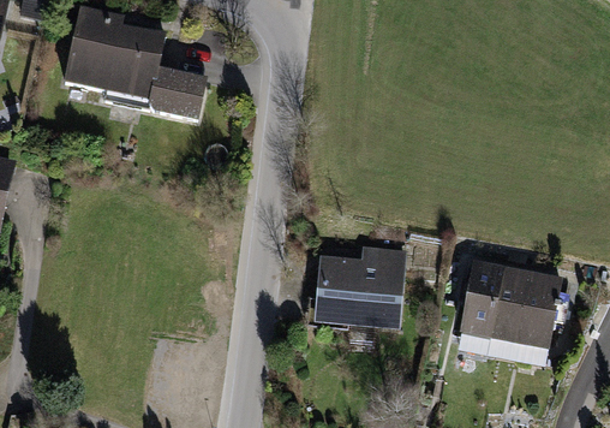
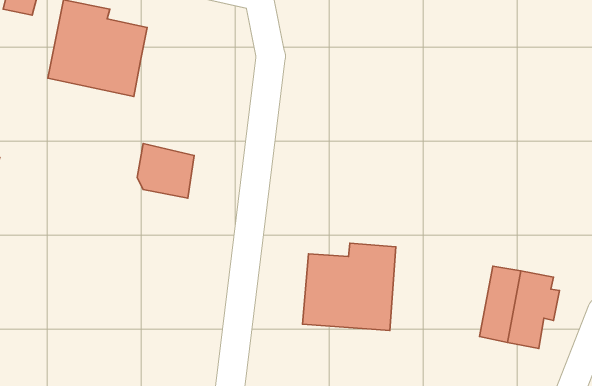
building: [148,66,204,120] -> [137,144,194,198]
building: [462,262,503,338] -> none

